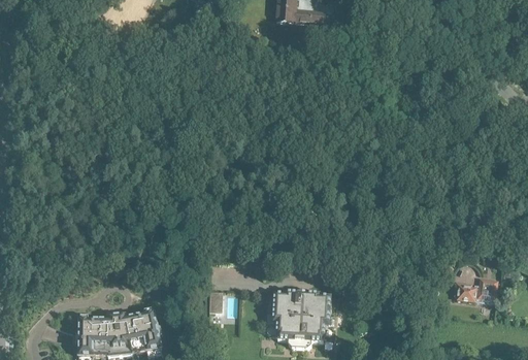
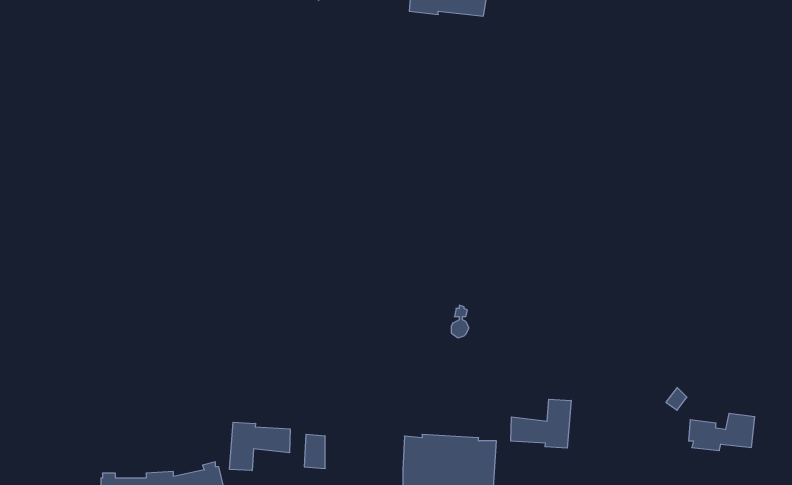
building: none -> [511,399,571,448]
building: none -> [230,422,290,471]

